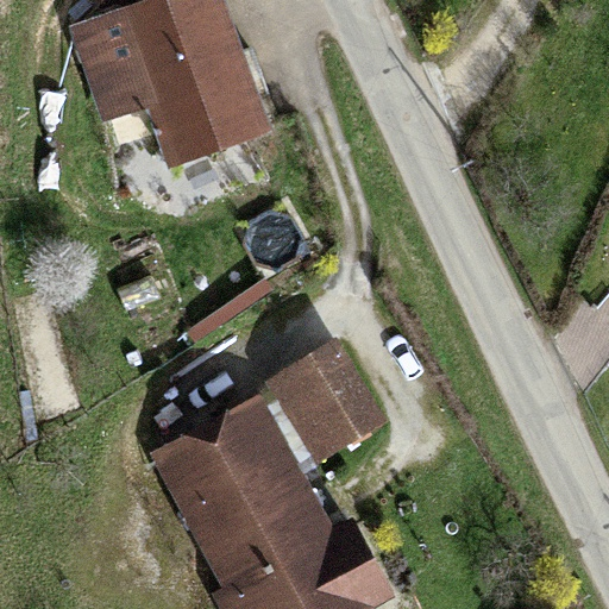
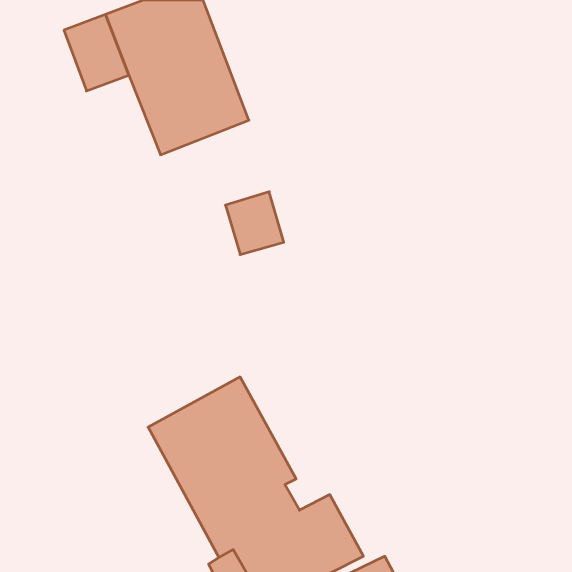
building: [290,347,378,445] -> none

